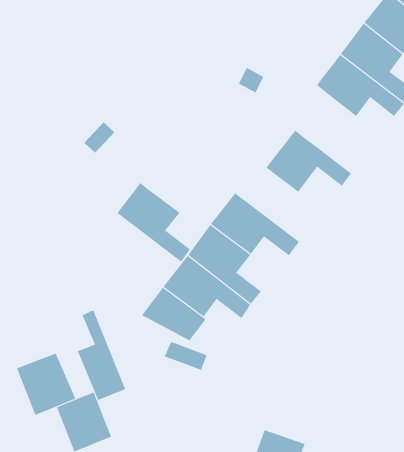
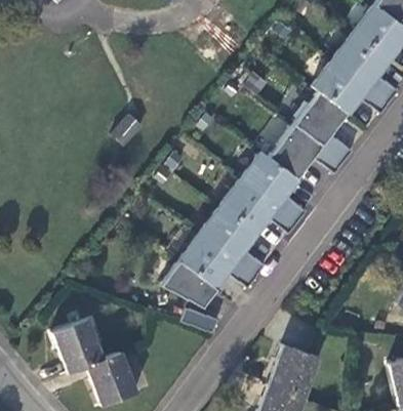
building: none -> [294,89,352,161]
building: [117,182,191,263] -> [242,151,307,220]
building: [77,309,126,401] -> none
building: none -> [268,342,318,396]

